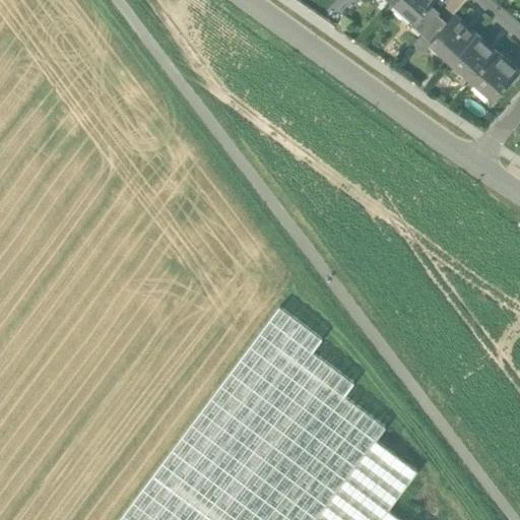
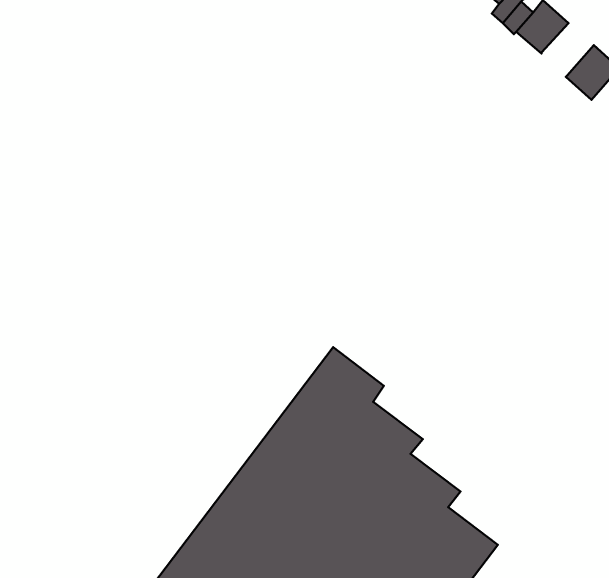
building: [454,37,498,80] -> none

